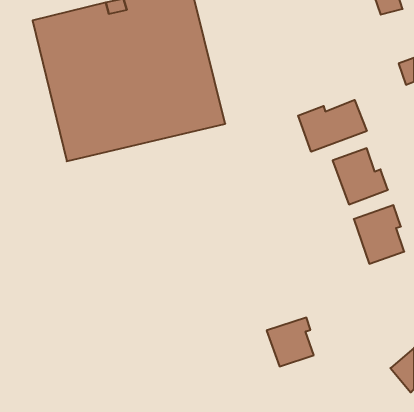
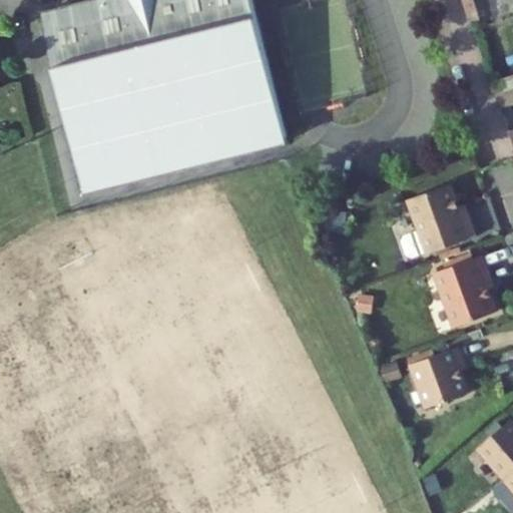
building: [298,100,367,152] -> none
building: [267,318,314,366] -> [411,345,469,405]

